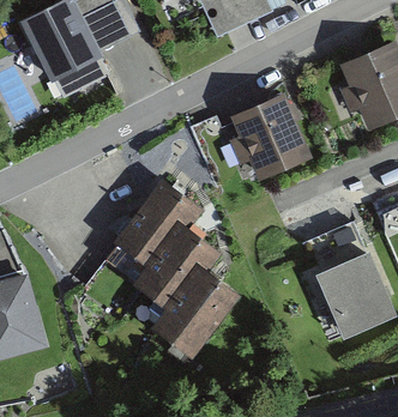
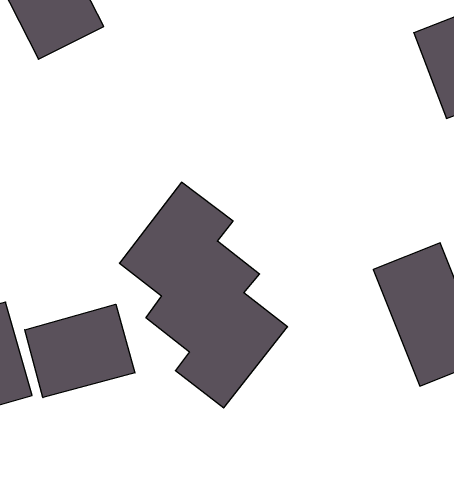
building: [230,96,307,179] -> none
building: none -> [25,304,135,398]

